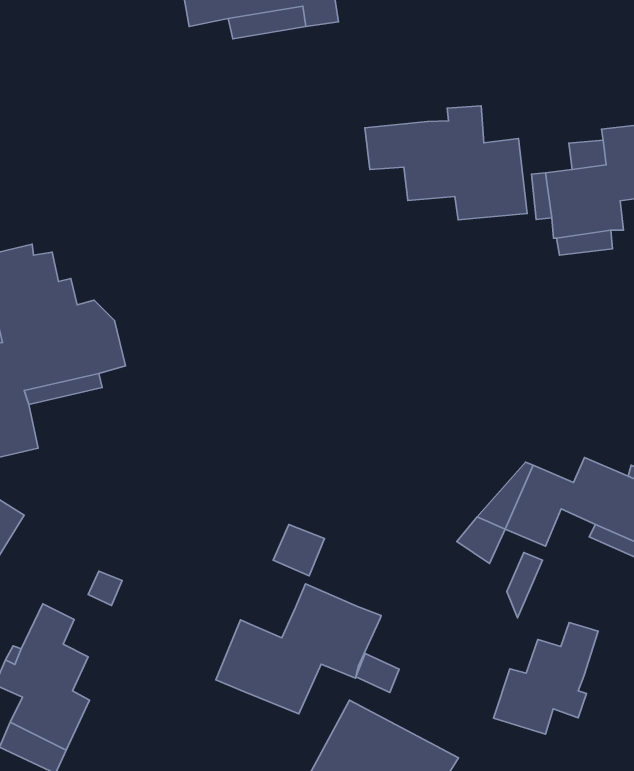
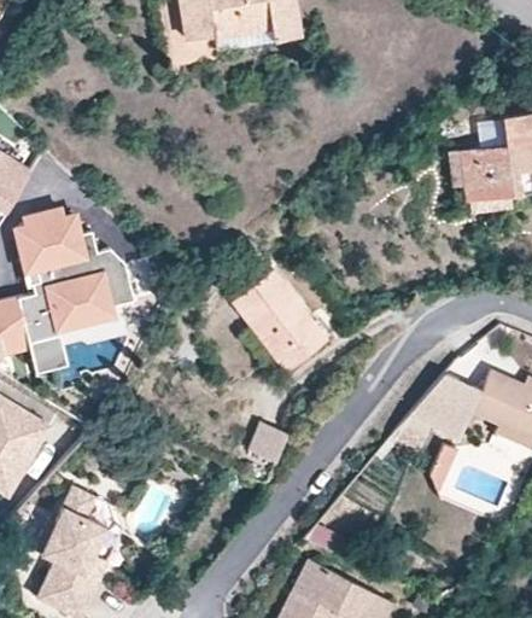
building: [365,106,527,220] -> none
building: none -> [232,270,327,372]
building: [216,584,381,714] -> none
building: [494,622,598,734] -> none

